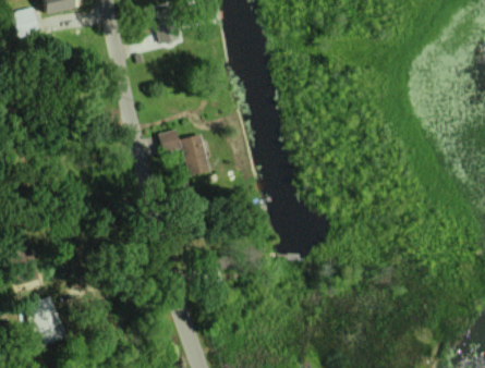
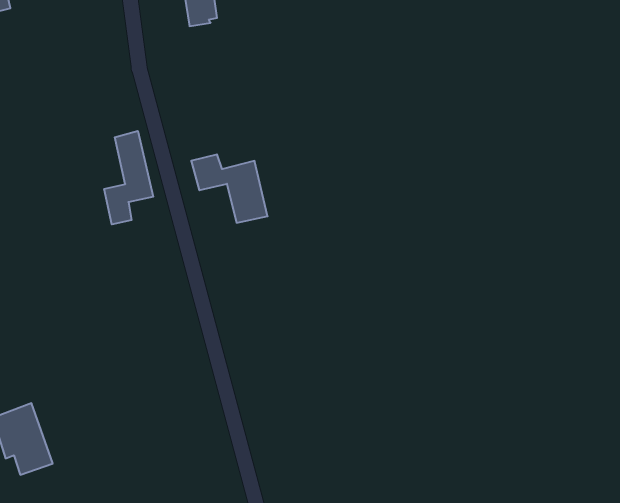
building: none -> [104,131,153,224]

